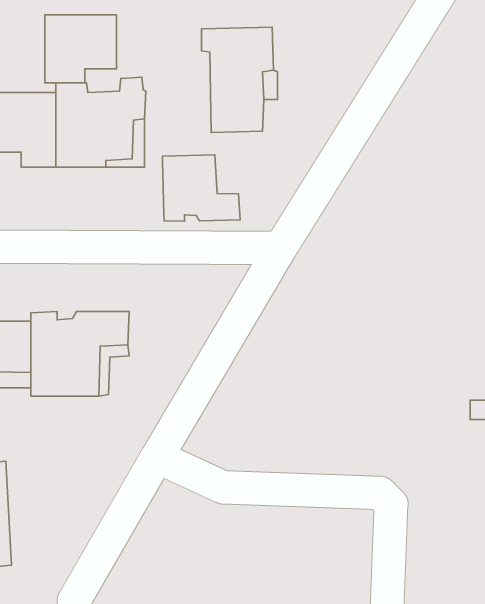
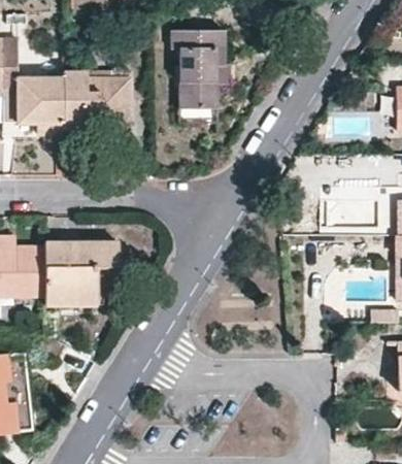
building: [45,15,117,83] -> none
building: [162,155,240,221] -> none

